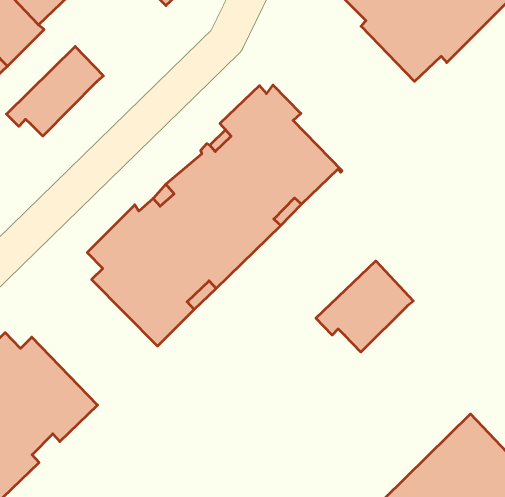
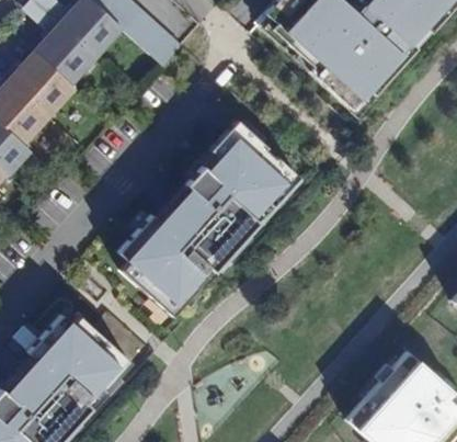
building: [6,46,103,136] -> none
building: [316,261,413,352] -> none

